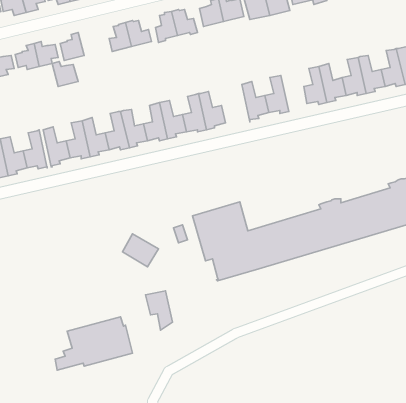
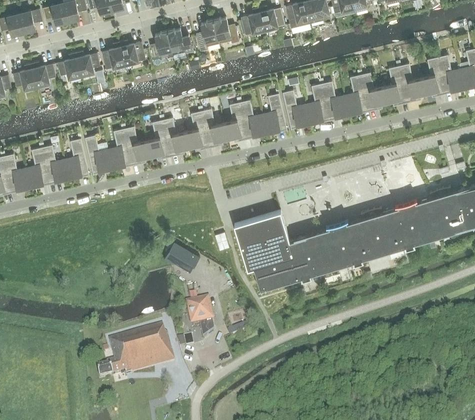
building: [52,62,78,87] -> [120,40,146,65]
building: none -> [322,82,348,121]
building: none -> [263,94,287,133]

